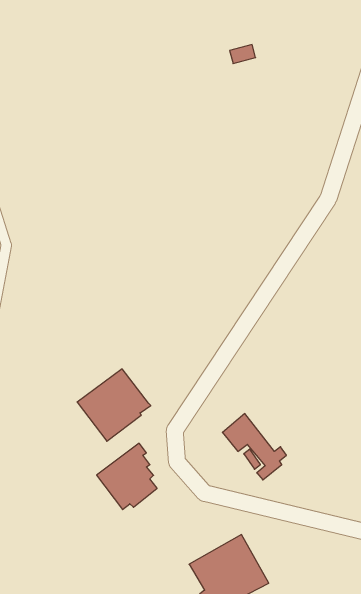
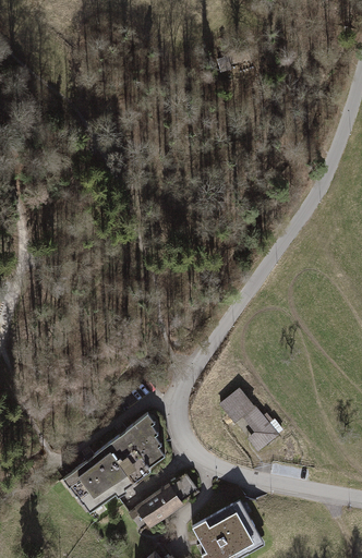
building: [77,369,151,441] -> [63,445,131,511]
building: none -> [135,473,196,525]

